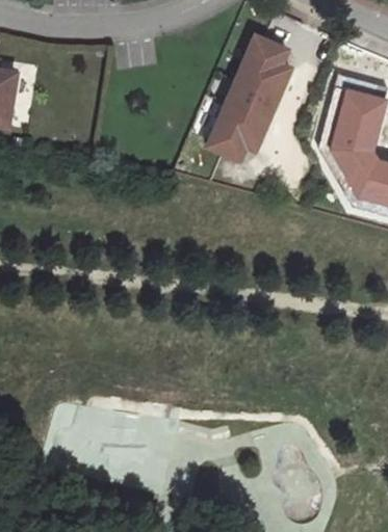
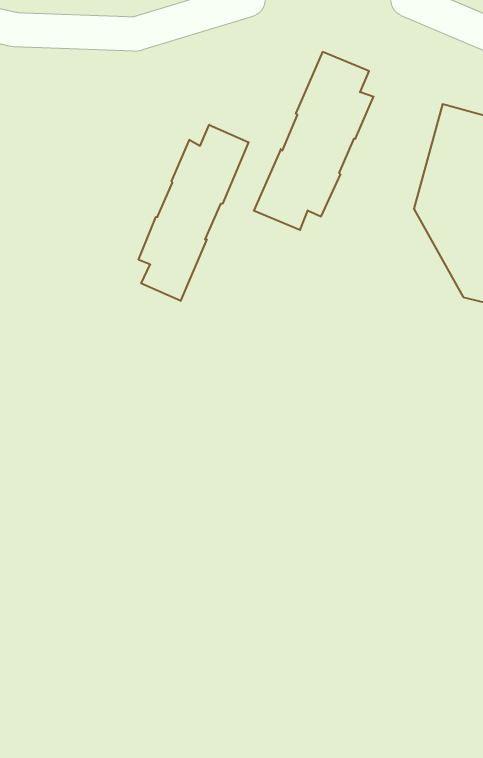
building: none -> [139,125,249,301]

